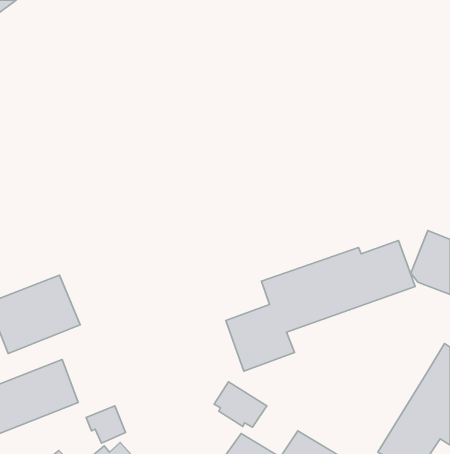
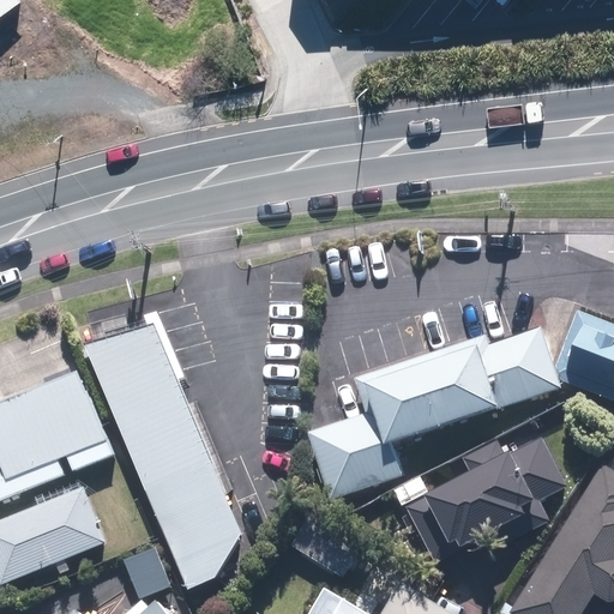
building: none -> [85,321,240,590]
building: none -> [405,437,566,560]

